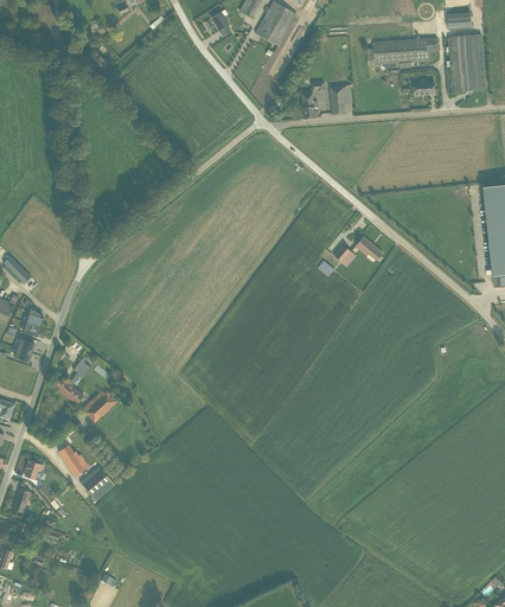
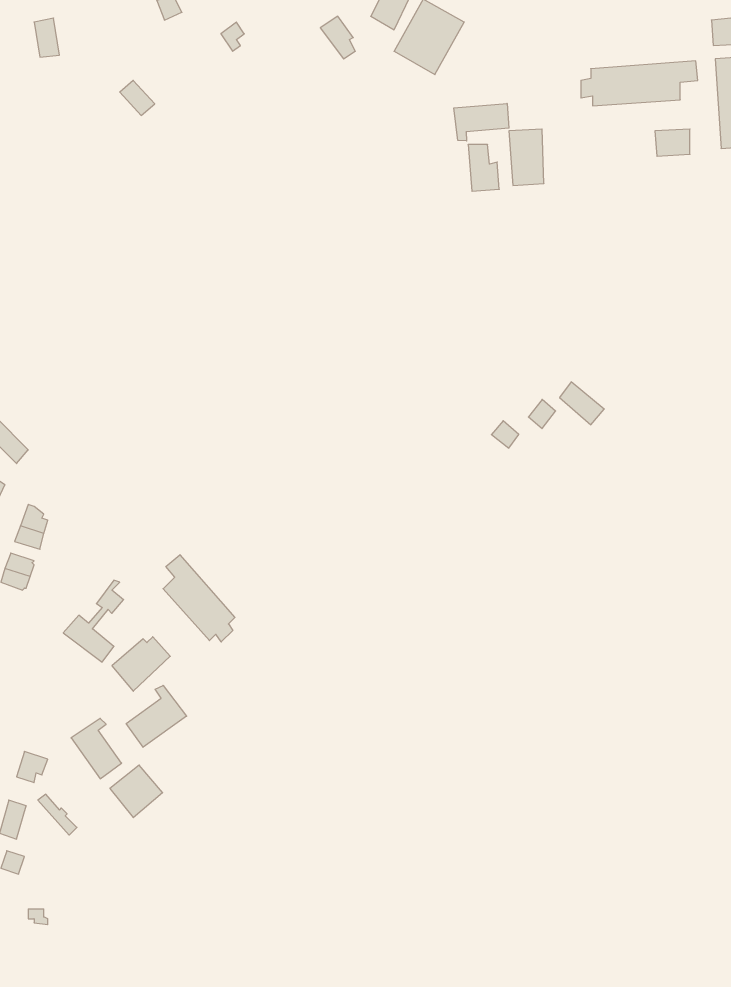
building: none -> [454,103,509,141]
building: none -> [163,555,235,642]
building: none -> [126,685,187,747]

